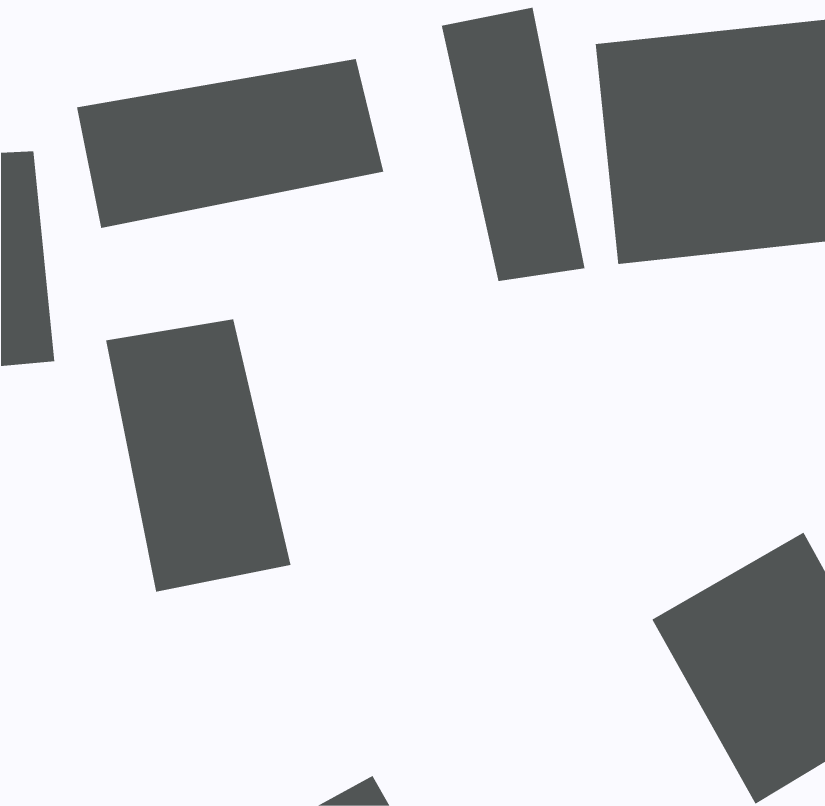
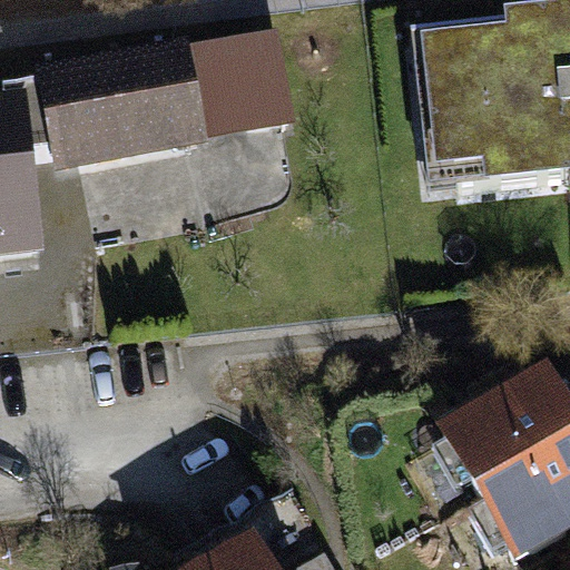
building: [441,7,585,282] -> none
building: [105,319,291,592] -> none

